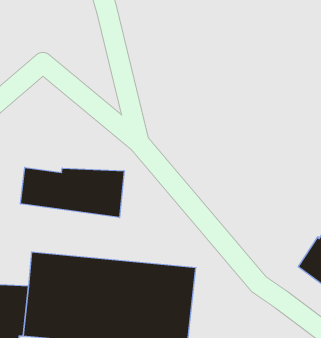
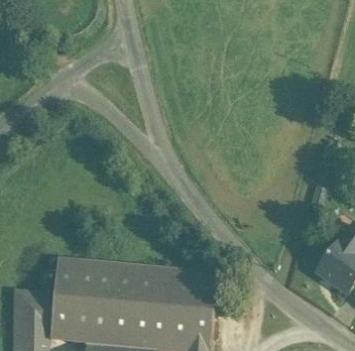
building: [21,167,124,218] -> none

